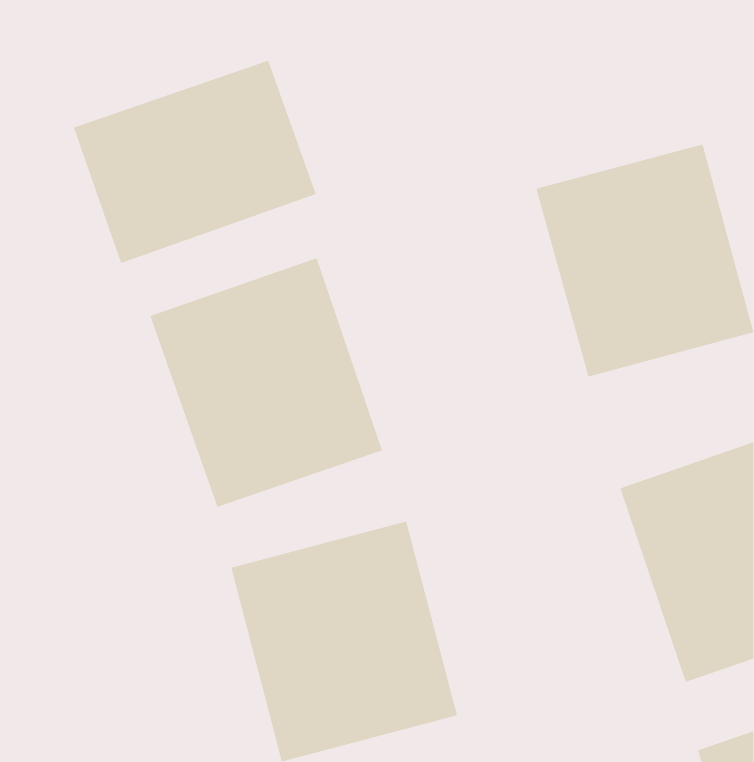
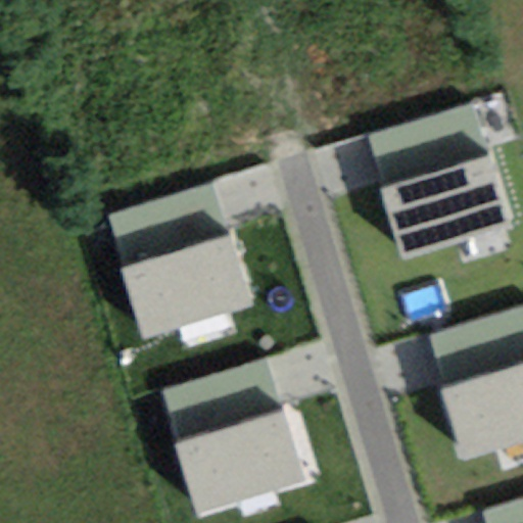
building: [73,60,316,264] -> none

